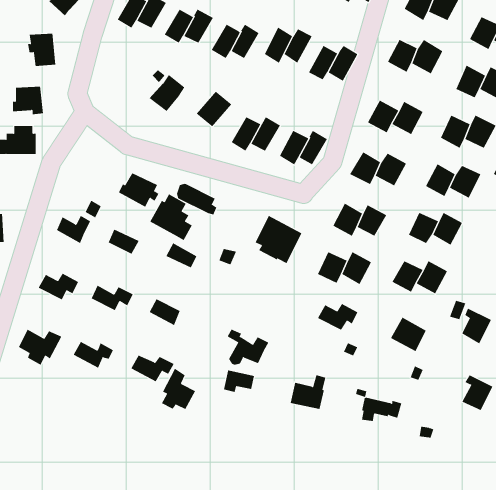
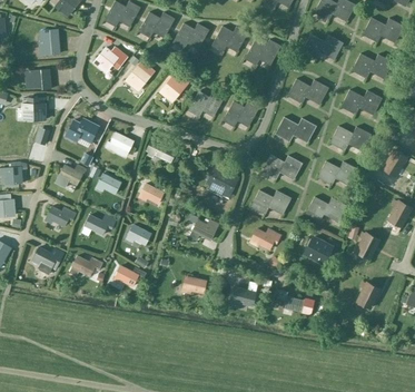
building: none -> [96,46,128,70]
building: none -> [66,118,98,143]
building: [150,194,192,241] -> none
building: [227,329,269,365] -> [187,214,218,241]
building: [161,368,196,410] -> none

